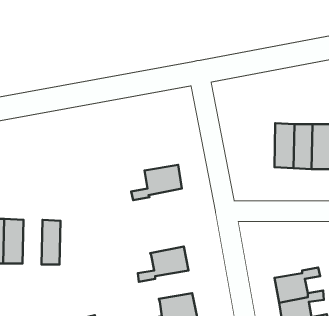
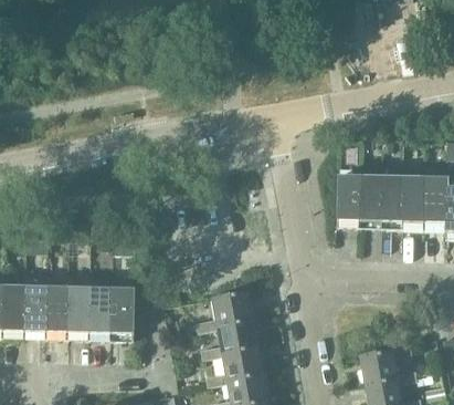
building: none -> [336,174,360,226]
building: [131,165,182,200] -> [196,289,254,330]
building: none -> [67,285,91,338]
building: none -> [110,287,135,339]
building: none -> [205,344,264,384]

